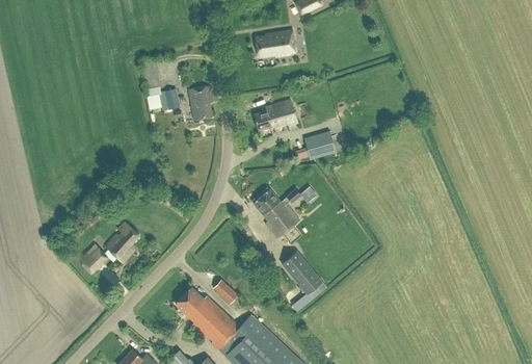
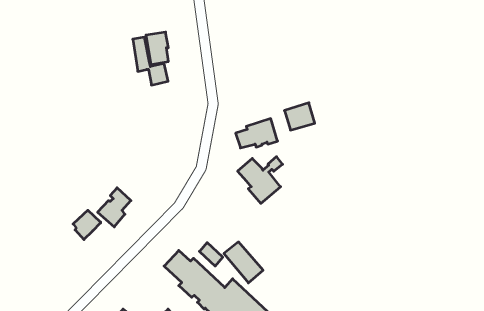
building: [256,30,294,57] -> none
building: [188,85,212,120] -> [146,32,168,64]
building: [254,99,298,130] -> [236,119,278,148]
building: [283,250,324,293] -> [224,242,263,283]

